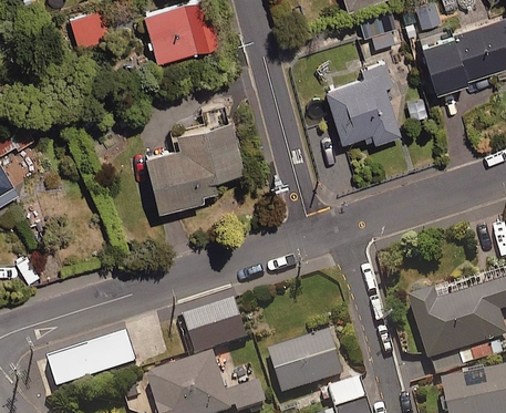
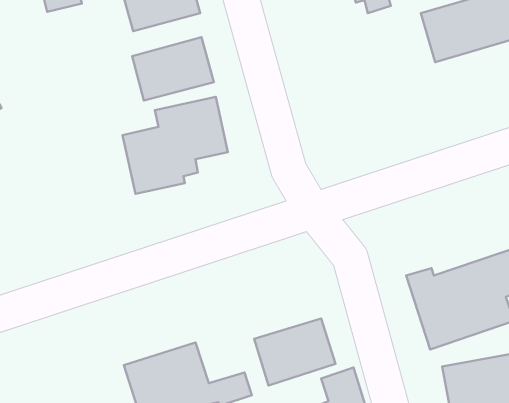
building: [326,68,400,146] -> none
building: none -> [132,37,214,100]
building: [182,296,246,352] -> none
building: [48,331,134,384] -> none

